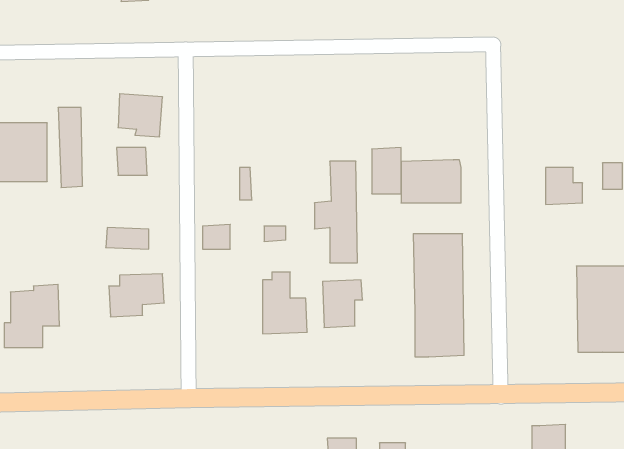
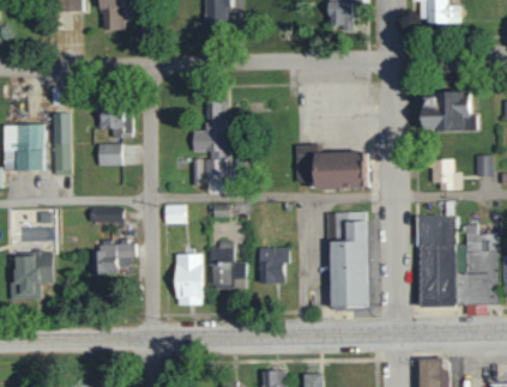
building: none -> [423,92,477,132]
building: [314,161,357,263] -> [193,99,227,179]
building: none -> [420,218,457,304]
building: none -> [175,254,203,306]

